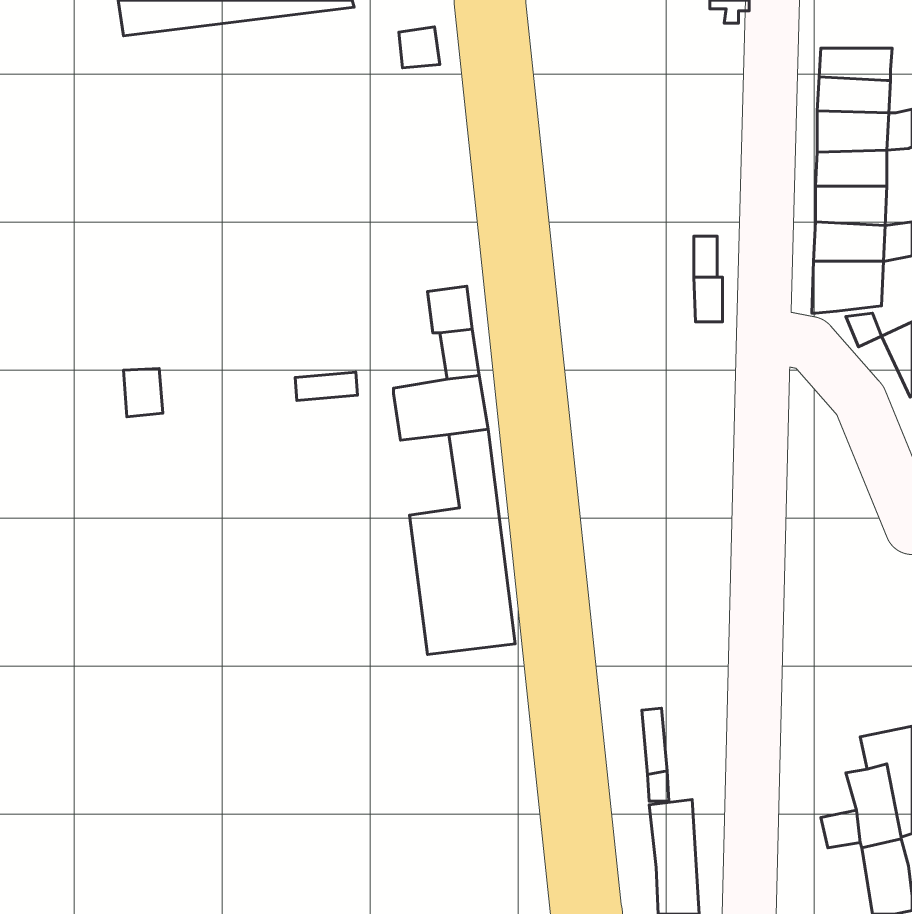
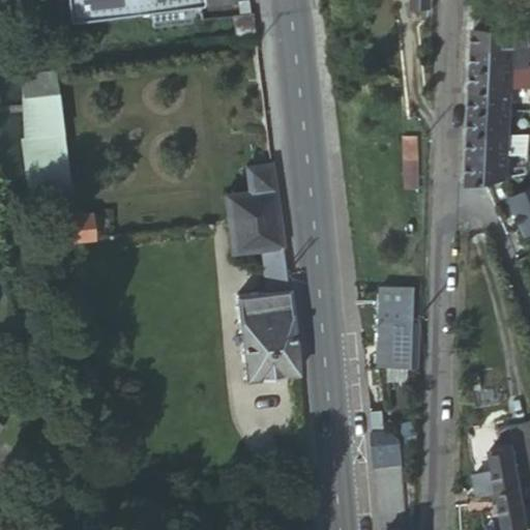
building: none -> [23,71,70,196]
building: none -> [225,193,259,225]
building: none -> [380,284,413,366]

